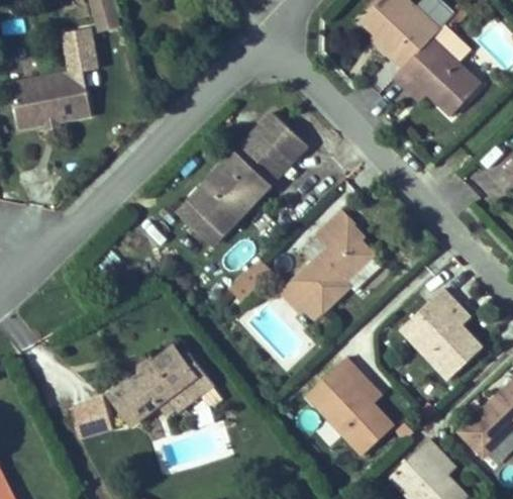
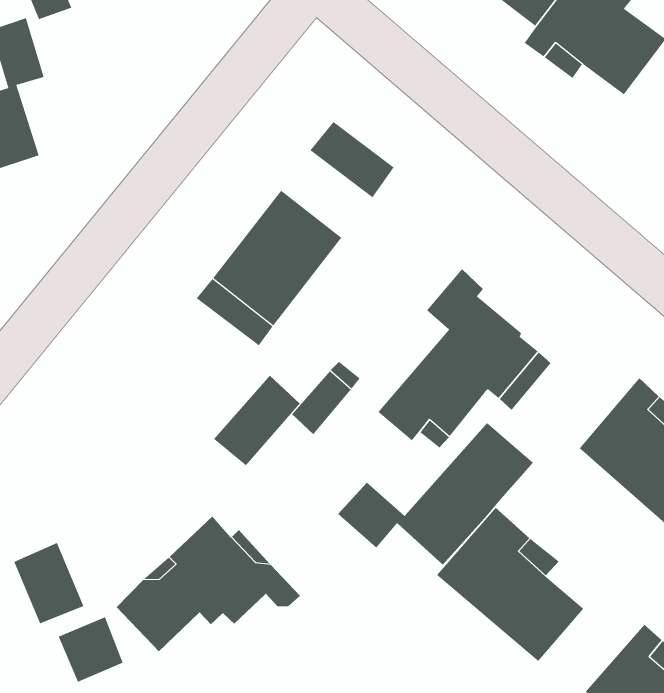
building: [236,128,292,184] -> none
building: none -> [213,375,301,466]
building: none -> [337,422,534,565]
building: none -> [13,542,84,624]

